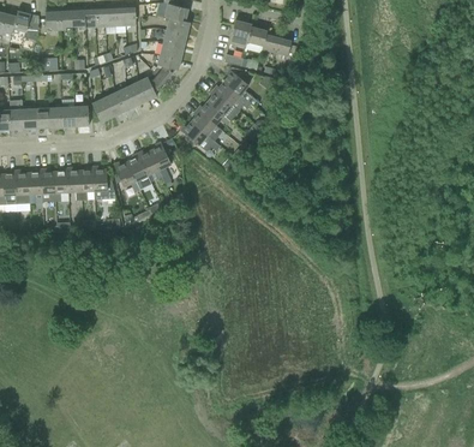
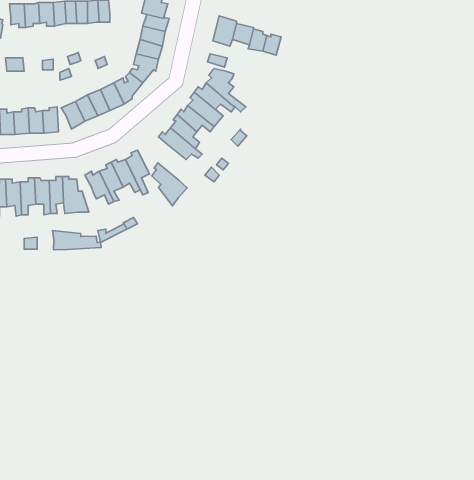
building: none -> [152,163,187,206]
building: none -> [52,231,101,250]

